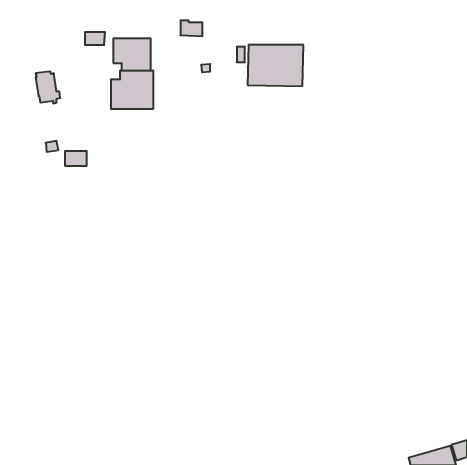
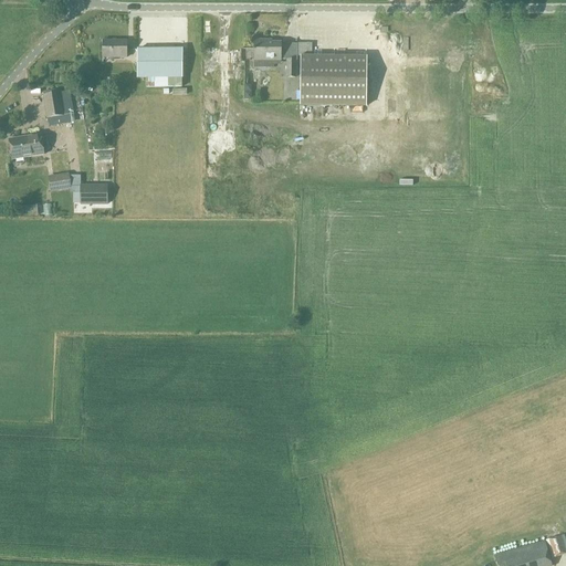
building: [180,21,202,36] -> [254,39,281,57]
building: [111,70,153,109] -> none
building: none -> [10,133,44,158]

